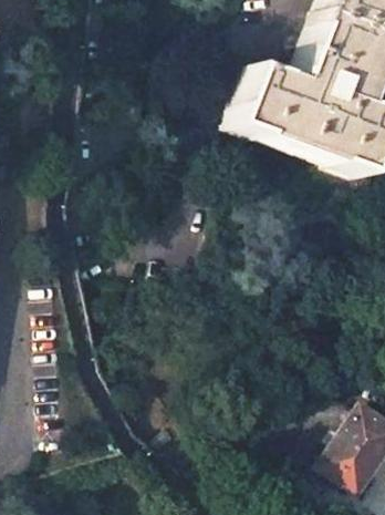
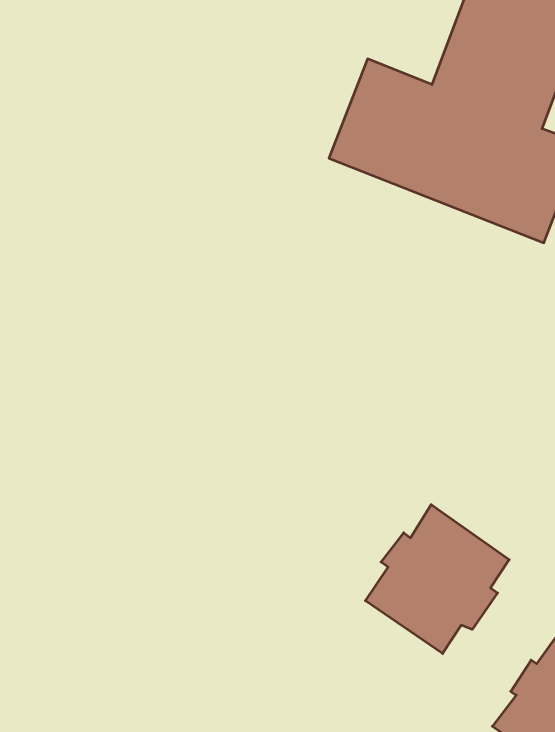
building: none -> [365,505,509,654]

